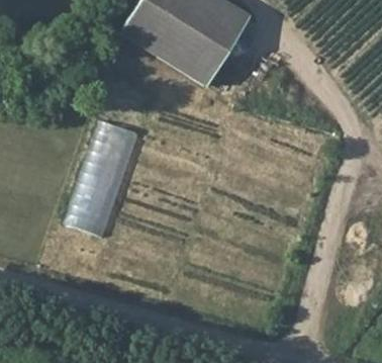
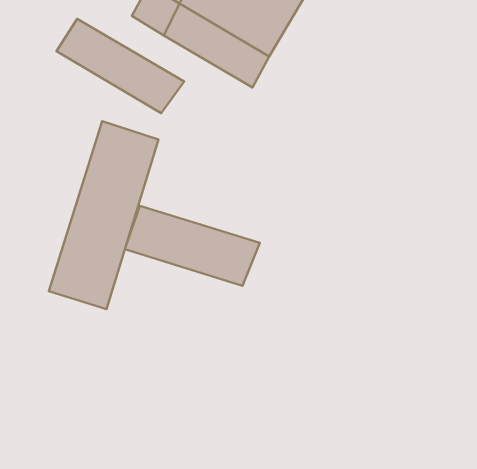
building: none -> [56,19,184,113]
building: none -> [125,206,260,286]

